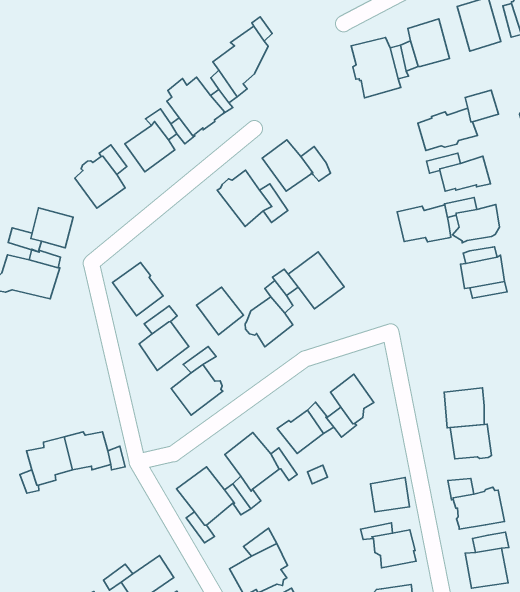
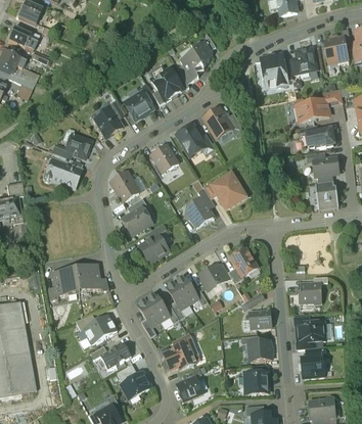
building: [397,205,451,242] -> none
building: [197,287,243,335] -> [151,144,178,172]
building: [444,388,484,428] -> none
building: none -> [82,314,118,344]

